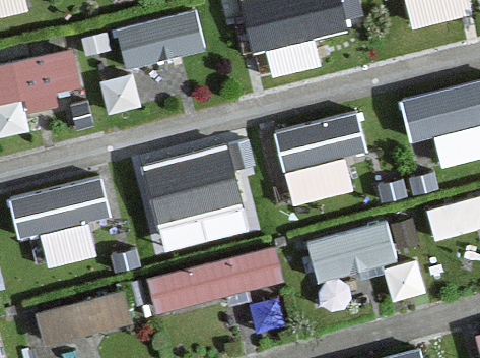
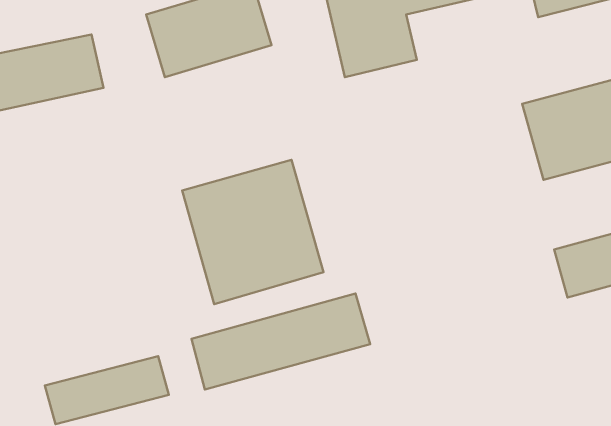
building: [271,106,367,207] -> none
building: [7,173,112,271] -> none
building: [308,223,396,282] -> none

